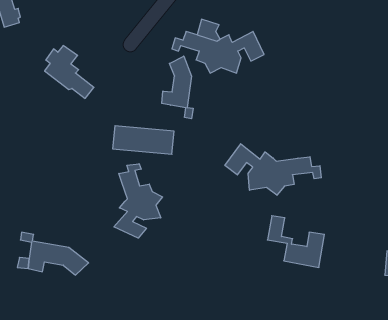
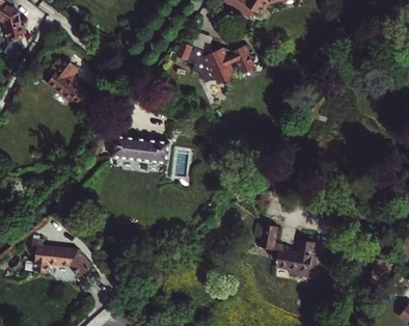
building: [162,56,193,119] -> none
building: [225,144,321,195] -> none
building: [114,164,163,238] -> none

